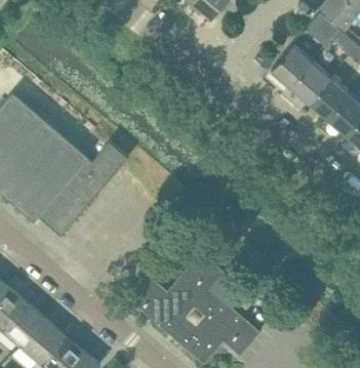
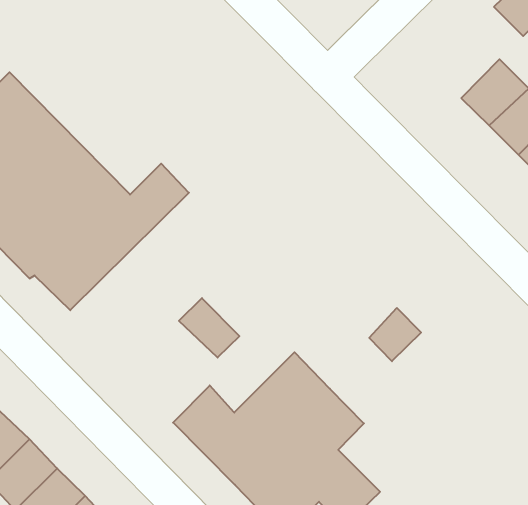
building: [271,44,312,86] -> none
building: none -> [369,308,421,361]
building: none -> [179,298,239,358]

